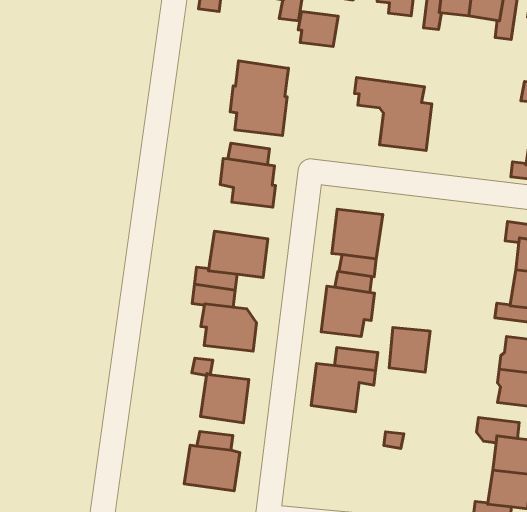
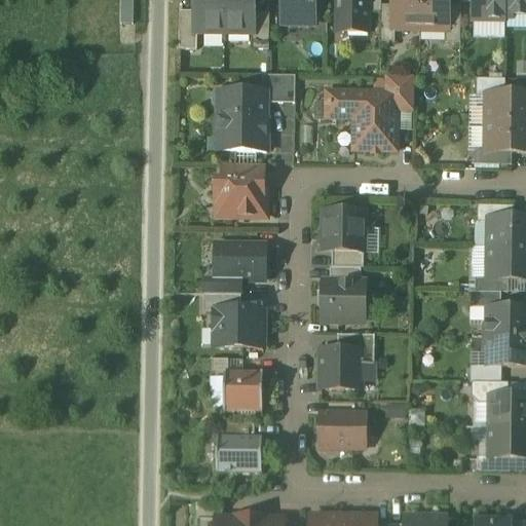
building: [298,12,338,47] -> [261,73,295,101]
building: none -> [386,75,413,107]
building: [389,328,430,372] -> none
building: none -> [320,412,365,447]

